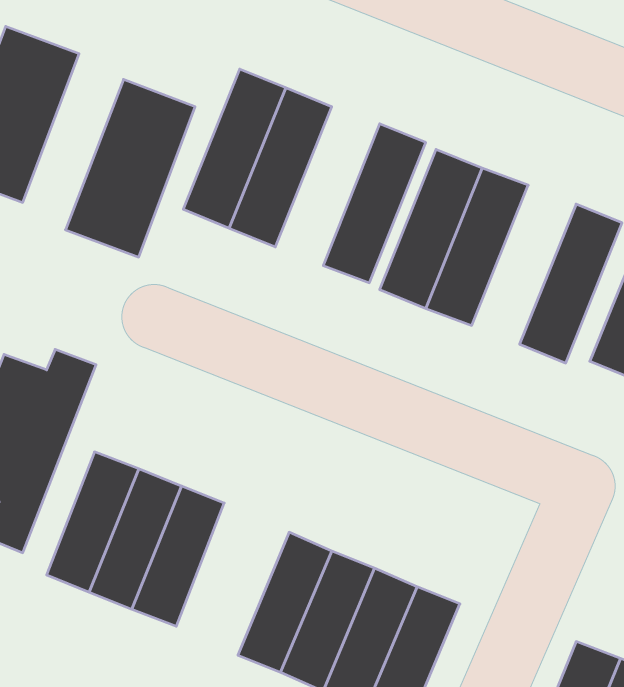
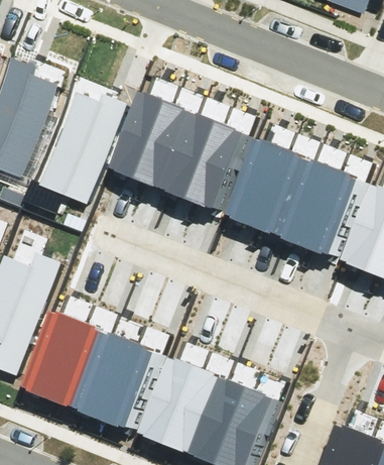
building: none -> [166,111,228,205]
building: none -> [282,157,344,251]
building: none -> [108,345,162,428]

